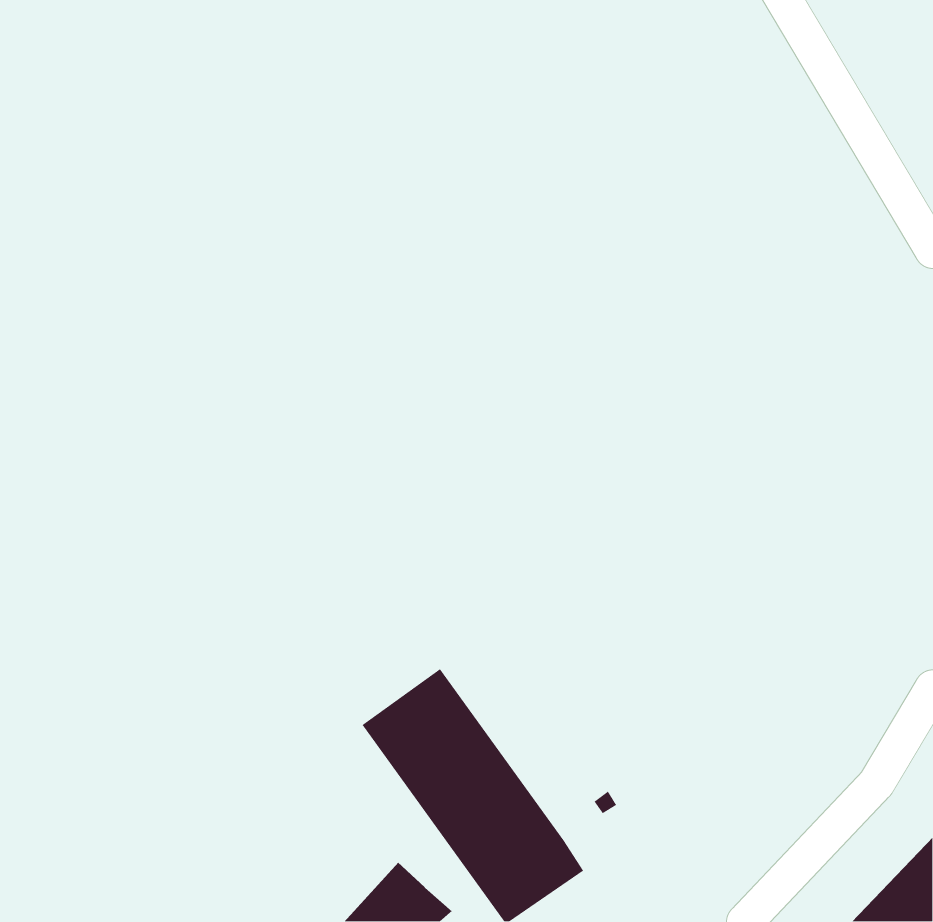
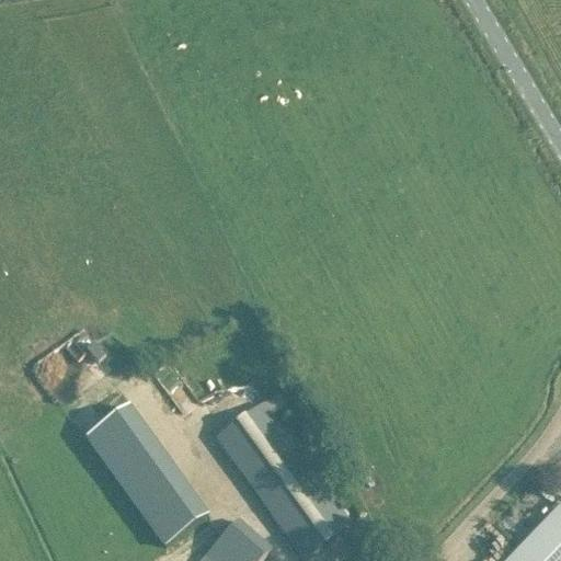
building: none -> [87,403,208,543]

